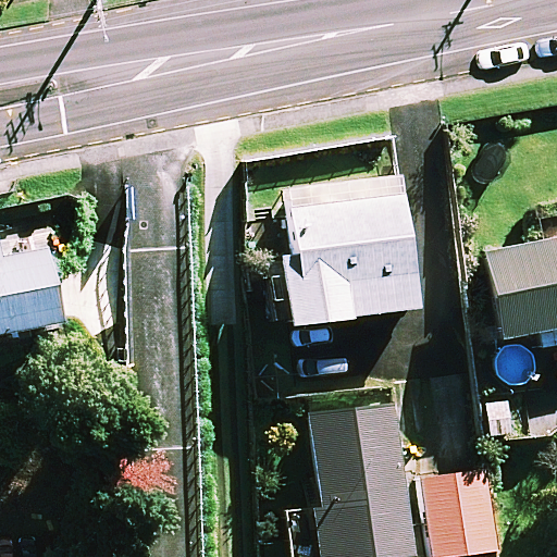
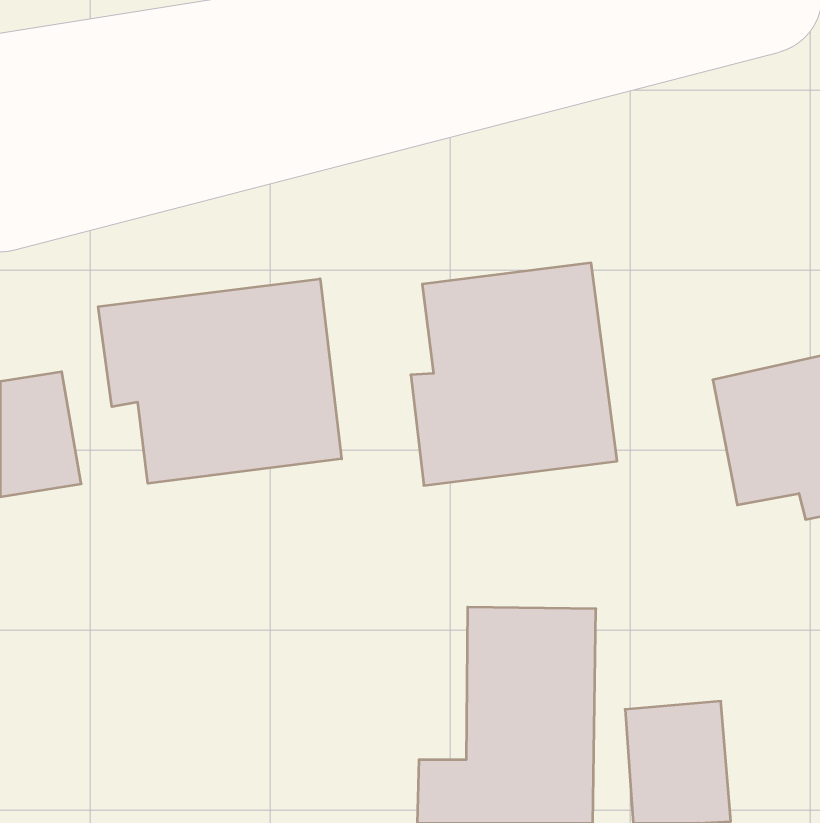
building: none -> [98,279,342,483]

